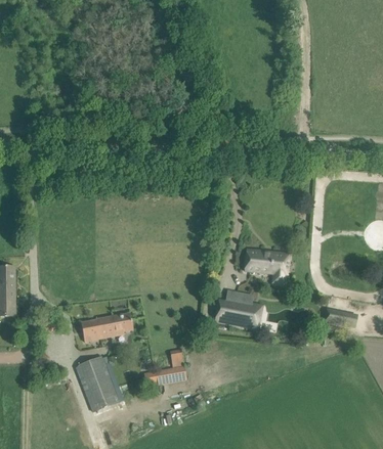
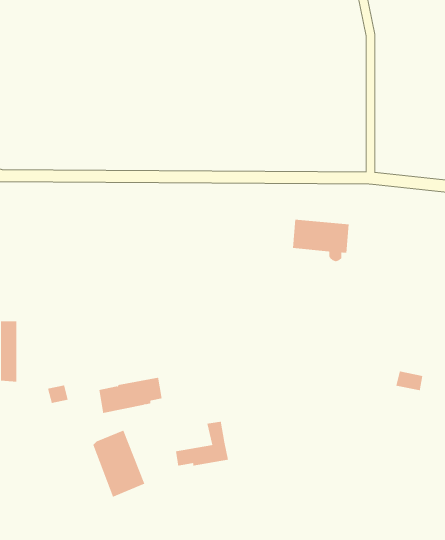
building: [244,248,291,282] -> [292,219,350,262]
building: [215,290,258,328] -> none

